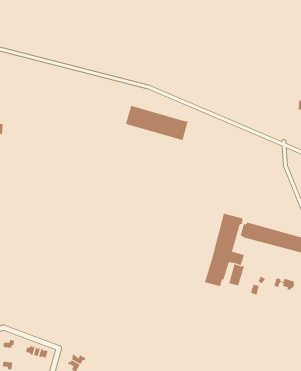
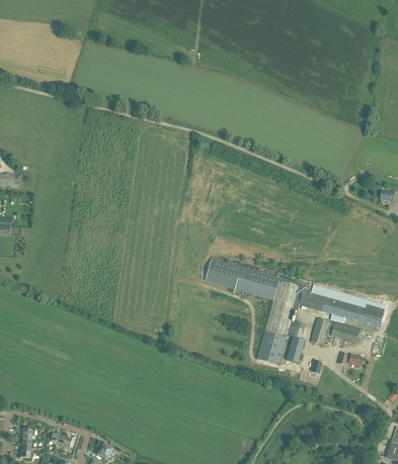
building: [125,105,188,141] -> [205,258,278,299]
building: none -> [310,317,333,345]

